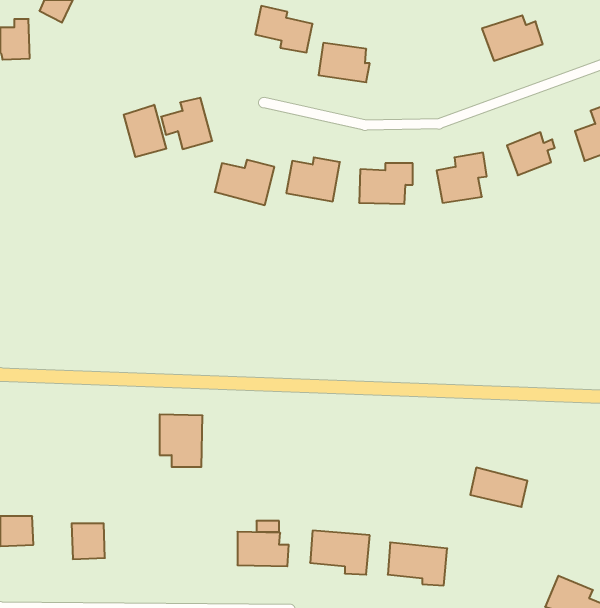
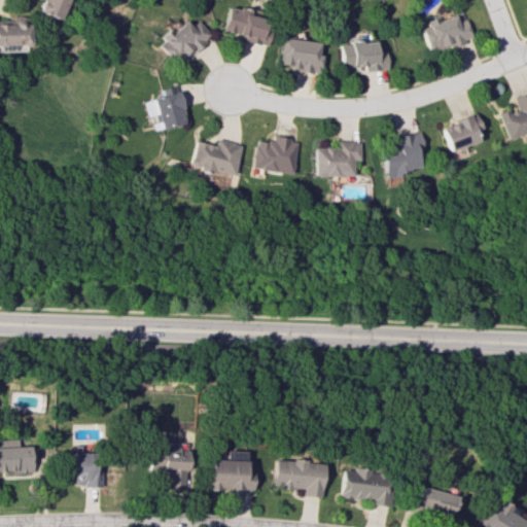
building: none -> [164,22,214,64]
building: none -> [344,40,393,72]
building: [124,105,166,157] -> none
building: [160,414,203,467] -> [154,444,191,489]
building: [470,468,527,507] -> [409,485,458,519]

